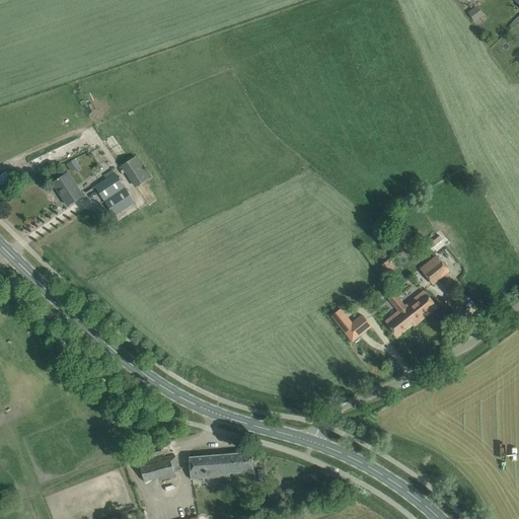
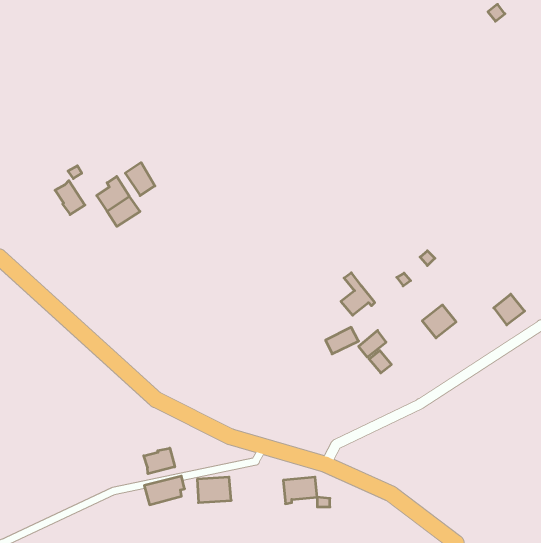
building: [419,254,448,284] -> [494,294,525,325]
building: [384,294,417,335] -> [341,273,375,315]
building: none -> [144,448,175,474]
building: [219,452,251,477] -> [283,477,317,504]

